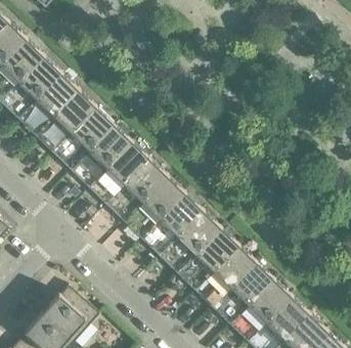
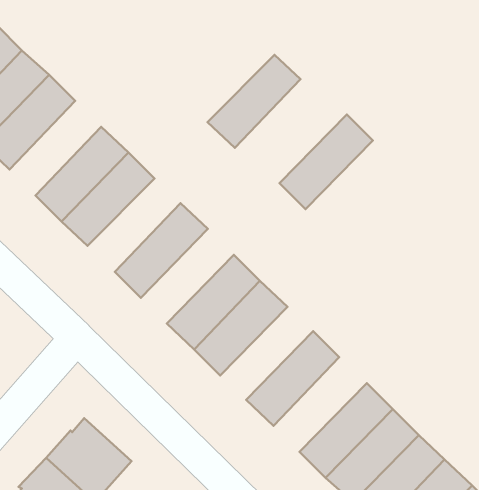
building: [17,72,79,135] -> none
building: [70,124,132,186] -> [207,55,301,148]
building: [105,158,168,221] -> [280,114,373,209]
building: [159,210,221,272] -> none
building: [194,244,257,307] -> none

